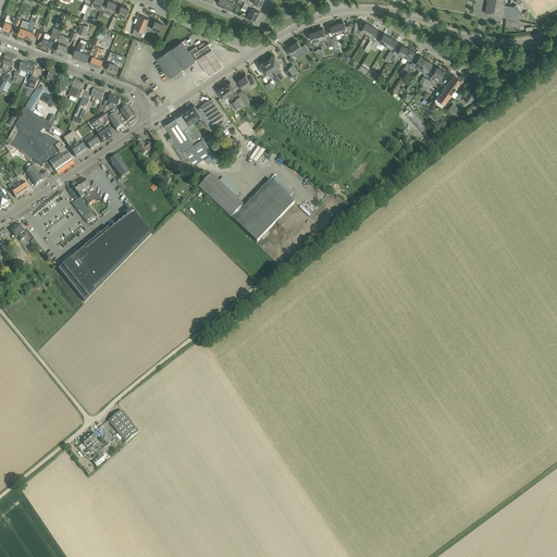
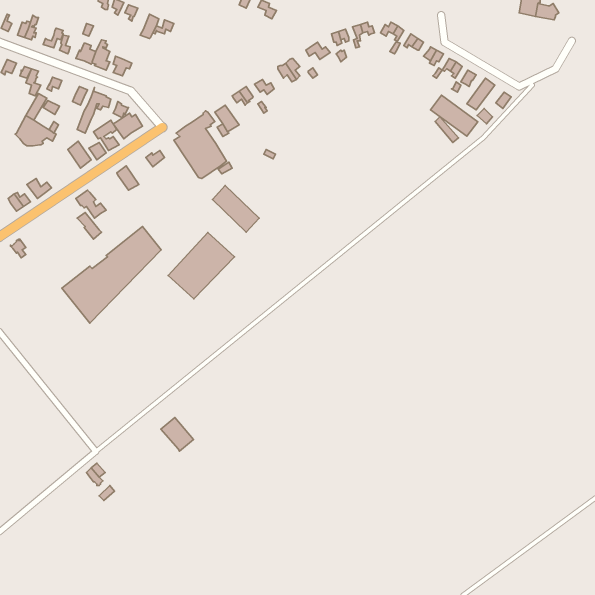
building: [156,40,211,76] -> none
building: none -> [430,95,478,136]
building: [4,125,72,171] -> none
building: [233,178,295,240] -> [168,232,235,299]
building: [108,410,138,442] -> [161,417,193,451]

